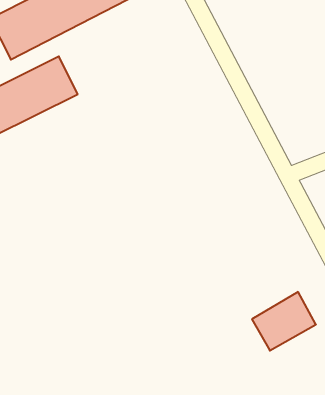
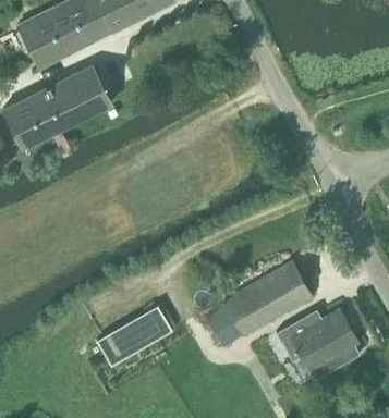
building: none -> [207,263,312,347]
building: none -> [96,305,173,366]

